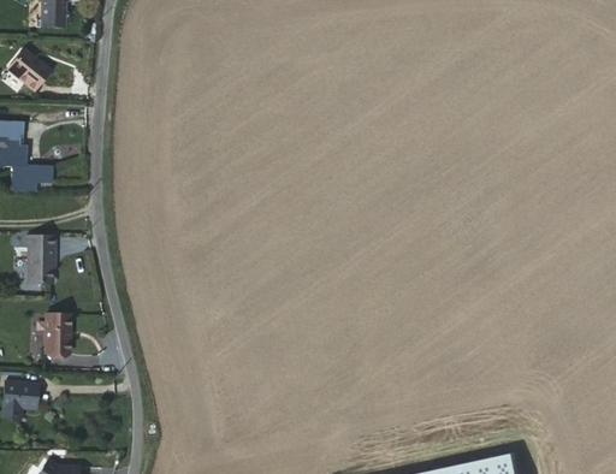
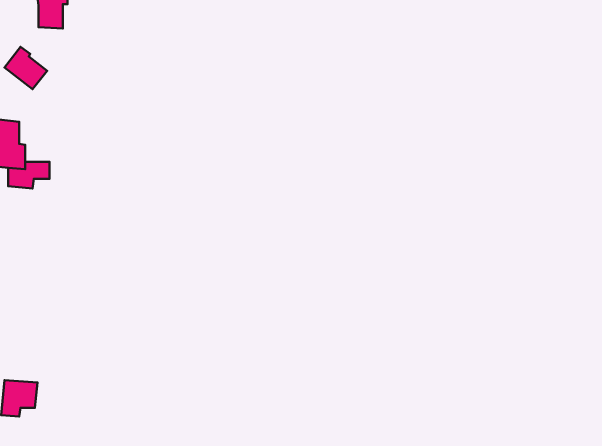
building: [25,235,58,284] -> none
building: [45,314,71,355] -> none

